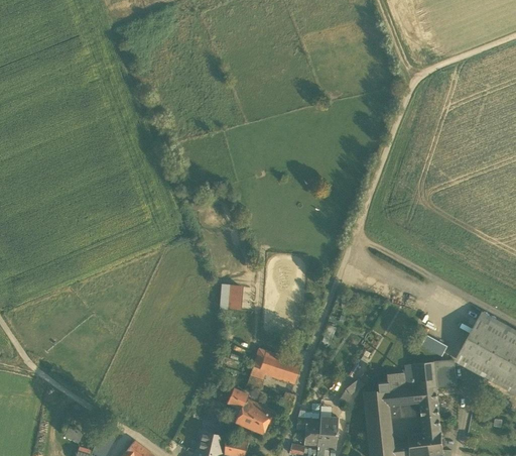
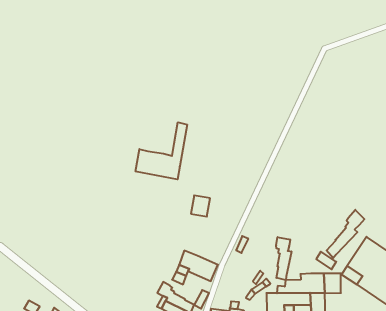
building: none -> [136,122,187,179]
building: none -> [327,210,364,258]
building: [218,286,240,311] -> [191,195,210,217]
building: none -> [276,237,291,280]

